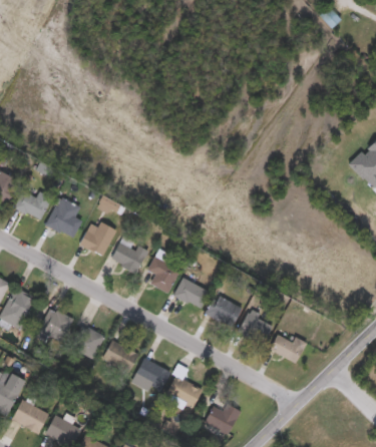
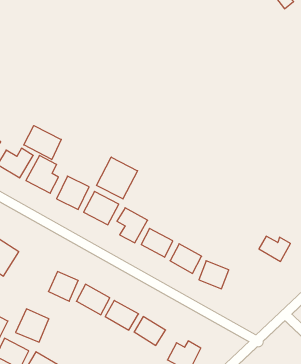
building: none -> [24,126,61,160]
building: none -> [97,157,138,199]
building: [38,308,75,345] -> [16,309,49,342]
building: [272,336,307,364] -> [259,236,290,261]

